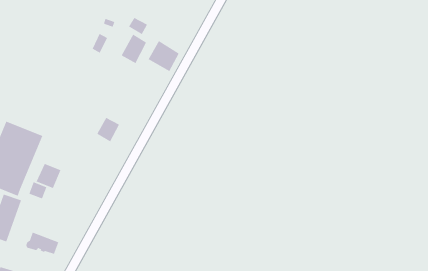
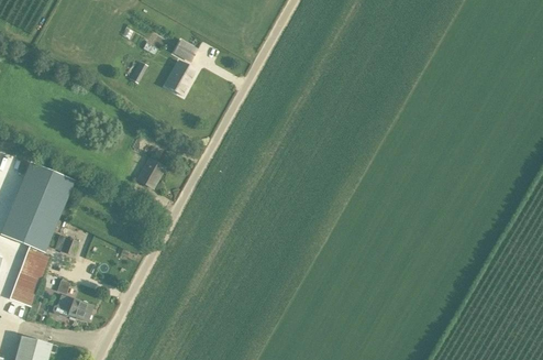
building: [148,40,180,72] -> none
building: [36,163,61,189] -> none

